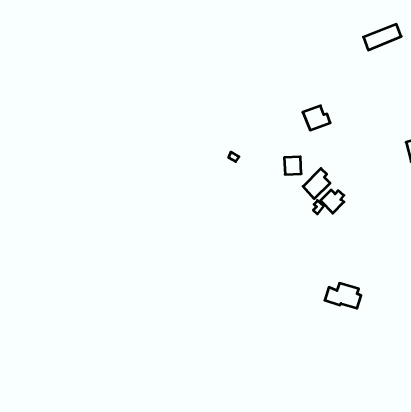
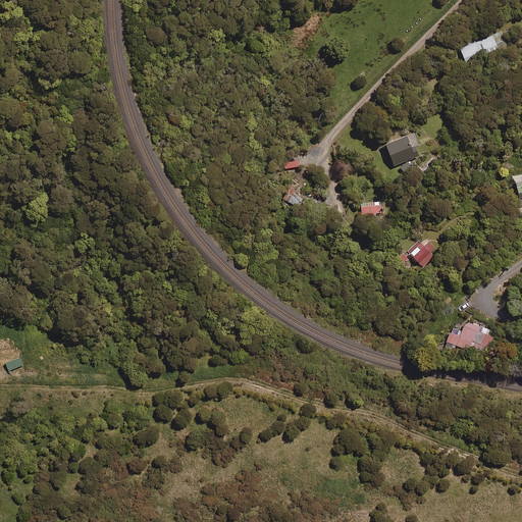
building: [303,168,330,199] -> none
building: [325,283,361,308] -> [447,321,492,353]

